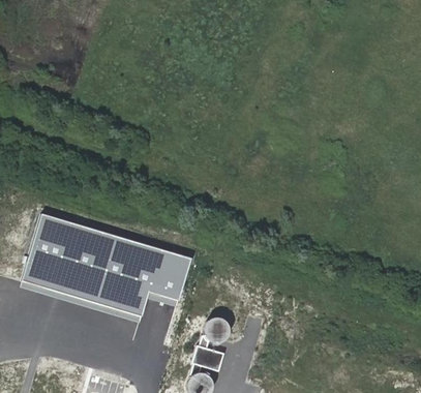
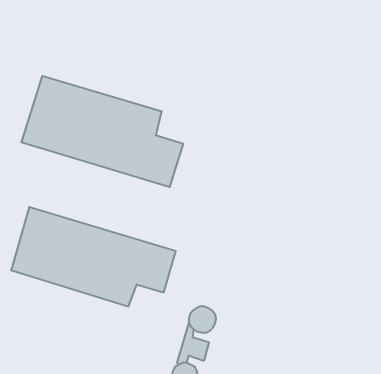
building: none -> [21,76,183,187]

